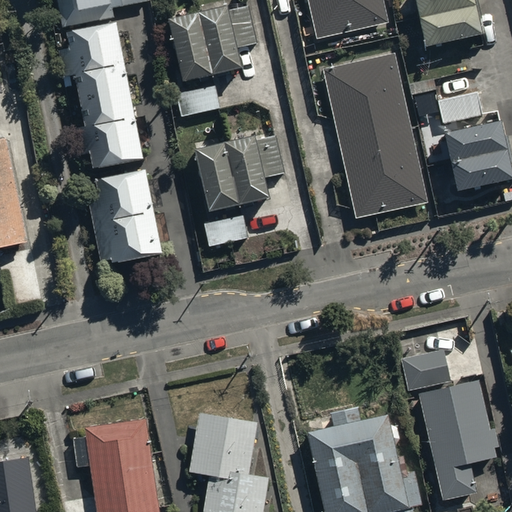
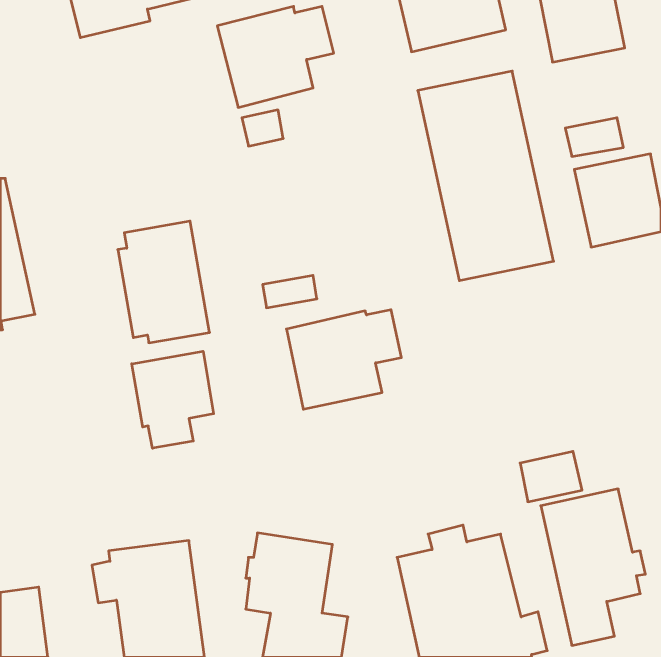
building: [59,23,143,170] -> none
building: [195,134,284,211] -> [286,310,401,409]
building: none -> [132,351,214,448]

